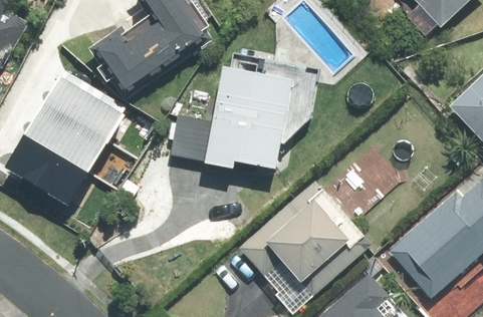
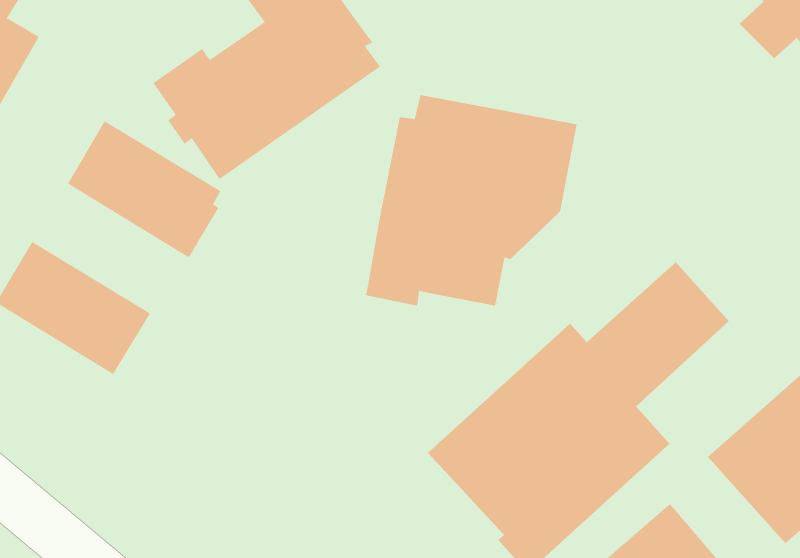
building: [24,102,107,173] -> none
building: [171,114,212,162] -> none

